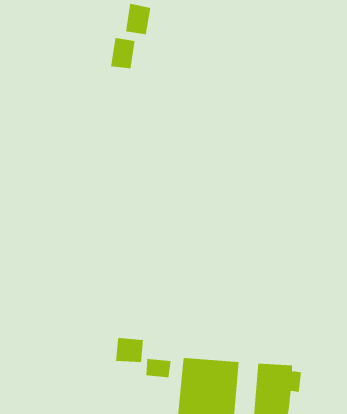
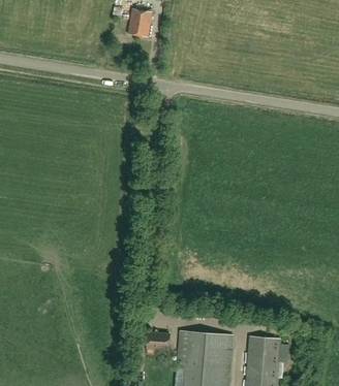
building: [110,37,135,69] -> none
building: [116,337,143,363] -> none

